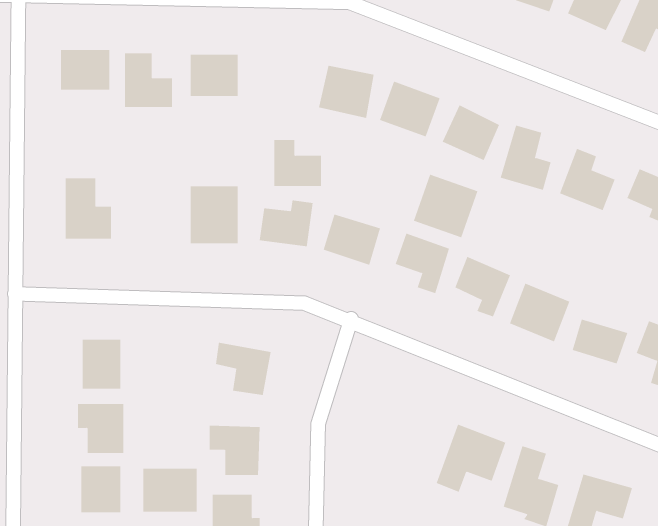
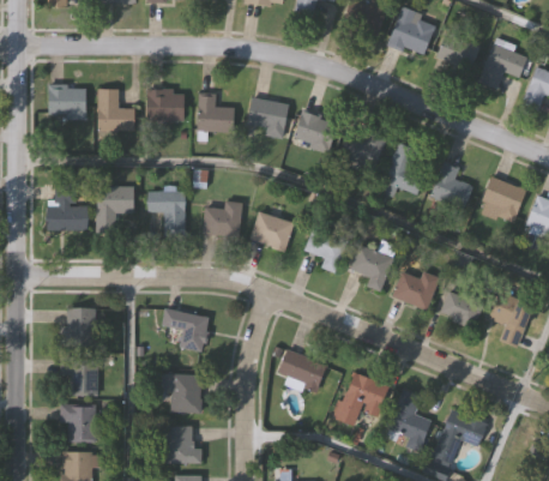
building: [273,140,322,187] -> [198,96,235,132]
building: [413,174,478,238] -> none
building: none -> [97,187,134,235]
building: none -> [276,349,326,392]
building: [143,468,197,513] -> none

